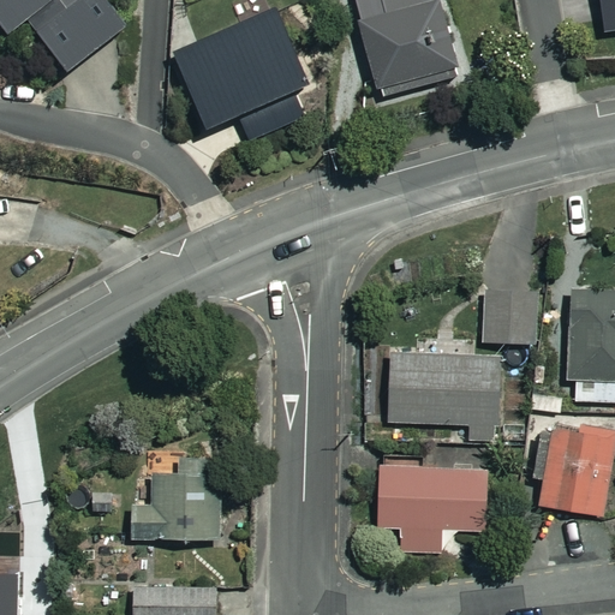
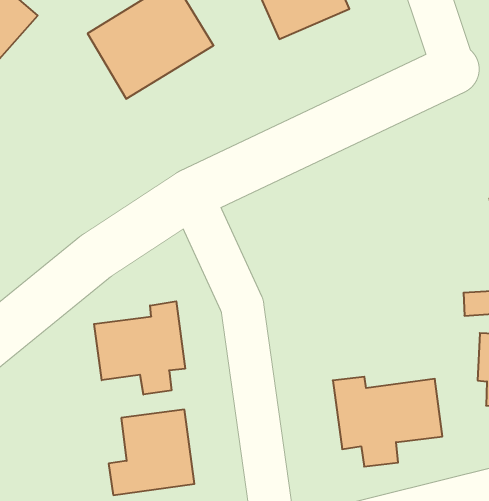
building: [482,292,536,342] -> none
building: none -> [94,301,185,395]
building: [389,357,492,441] -> none

